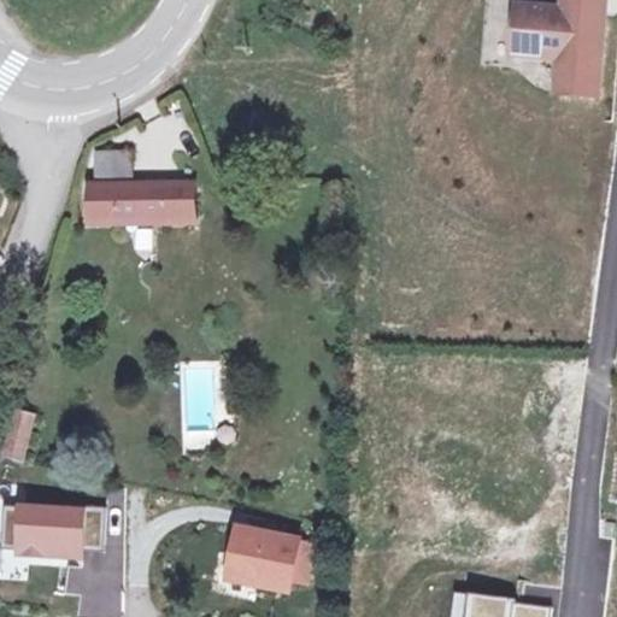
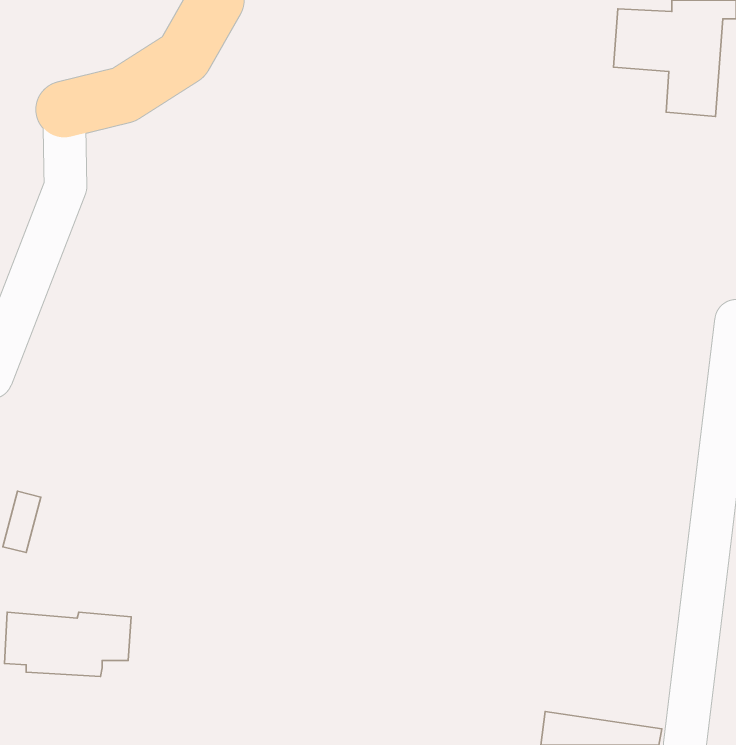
building: [87,151,190,221] -> none
building: [233,534,316,593] -> none

